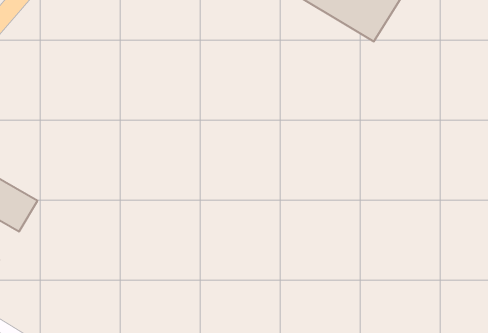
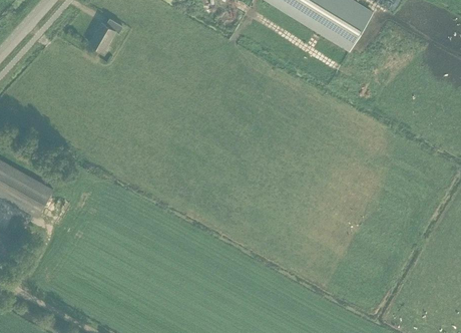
building: none -> [88,18,123,51]

